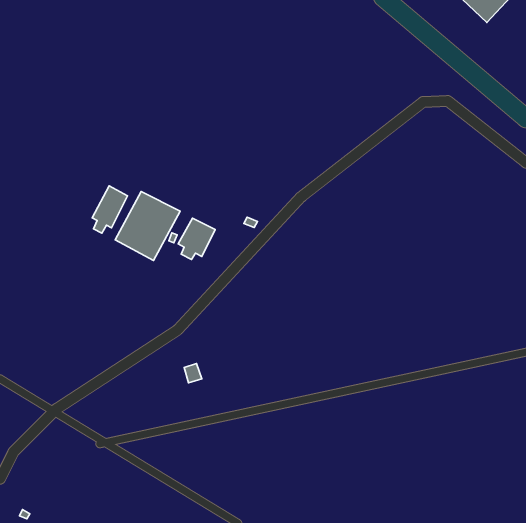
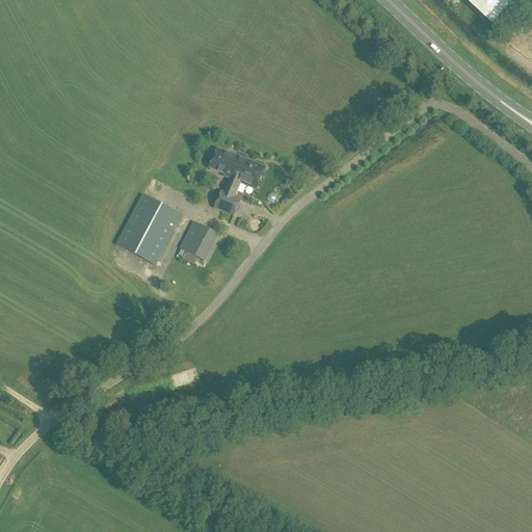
building: none -> [209,147,265,213]
building: [92,186,128,233] -> none

